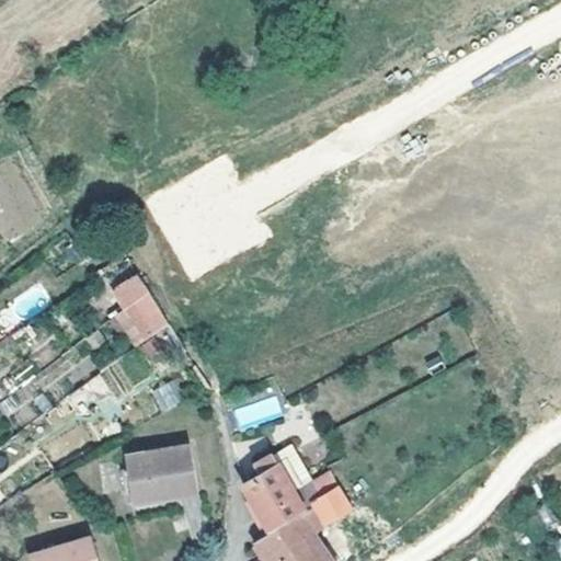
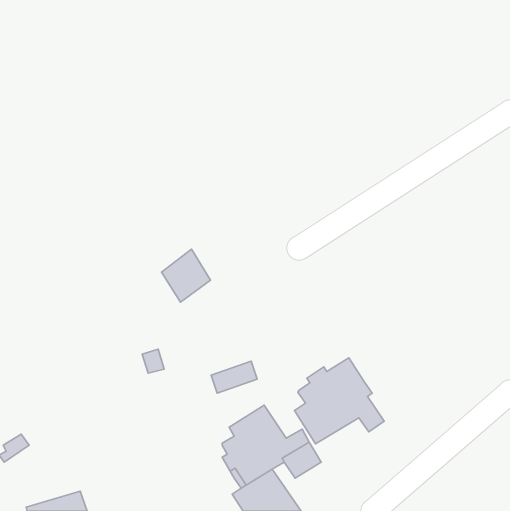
building: [114,290,168,348] -> [162,249,211,302]
building: none -> [295,358,384,444]
building: [123,444,196,504] -> none

